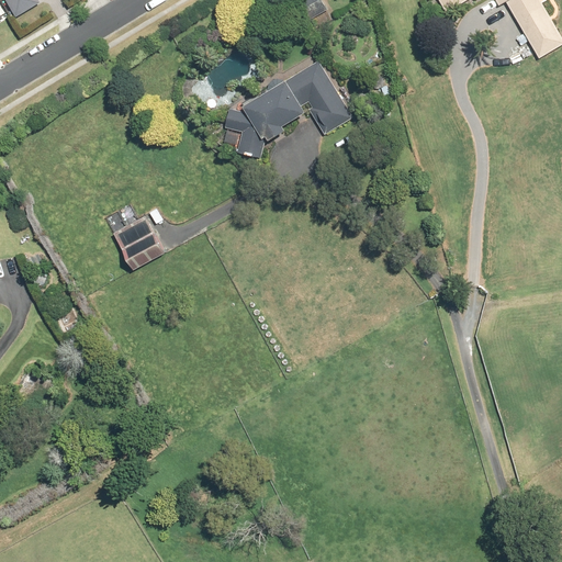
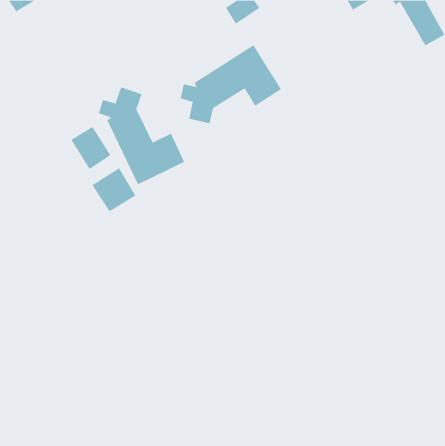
building: none -> [98,87,185,185]
building: none -> [71,126,111,170]

